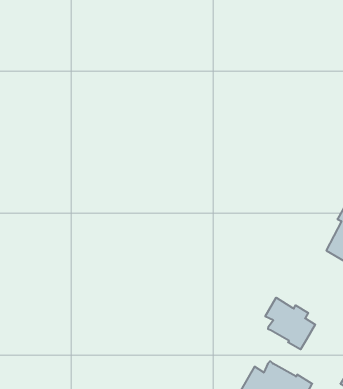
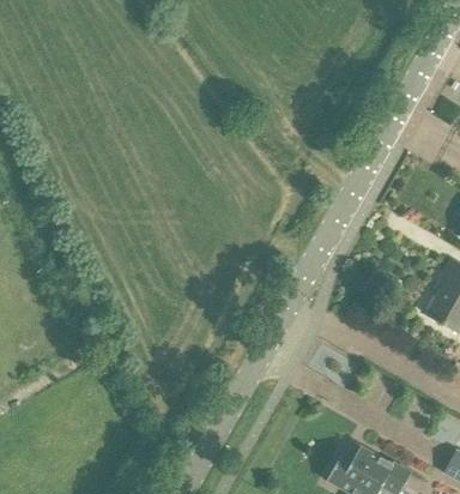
building: [265,298,315,349] -> none

